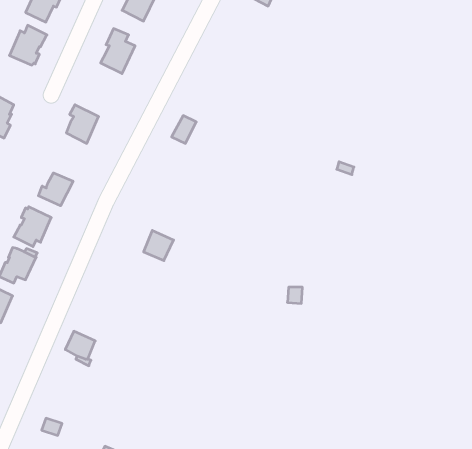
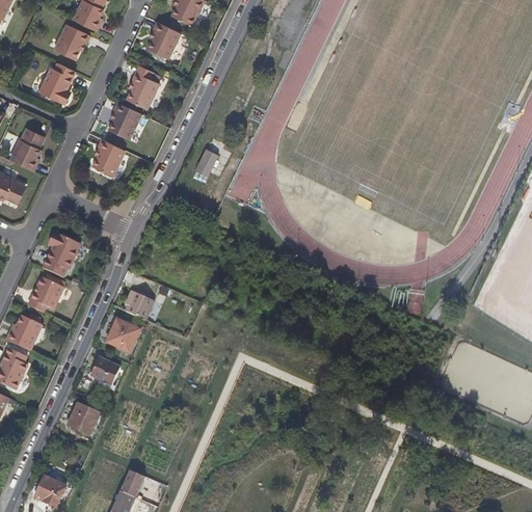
building: none -> [108,103,141,139]
building: [38,173,73,206] -> none
building: [144,230,174,261] -> [128,292,157,321]
building: none -> [107,320,140,353]
building: none -> [68,404,100,436]

